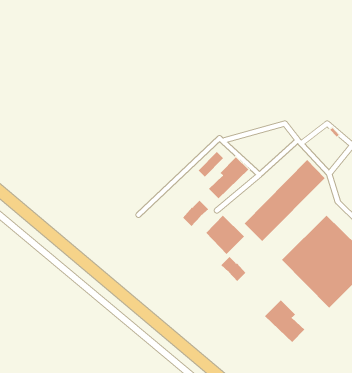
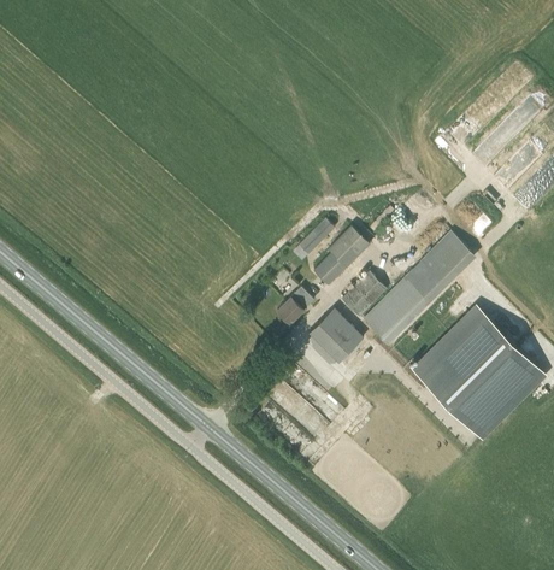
building: none -> [340,271,387,317]
building: [220,256,246,282] -> none
building: [264,300,305,343] -> none

